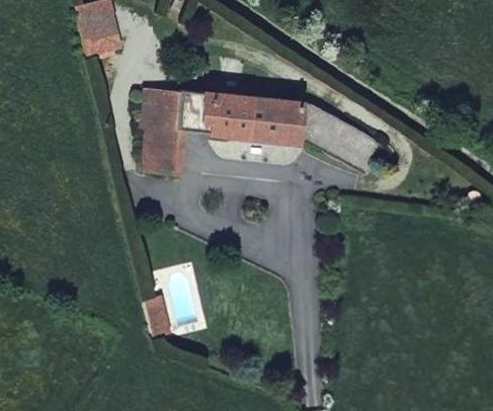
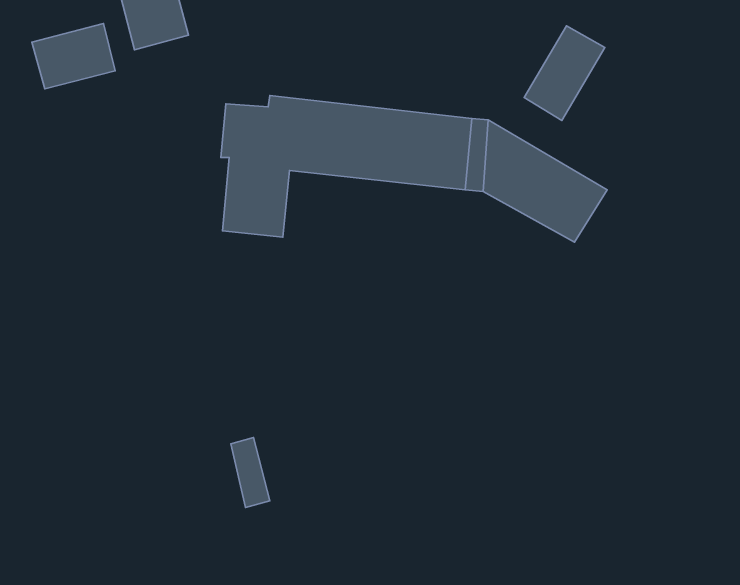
building: none -> [32,23,115,89]
building: none -> [524,26,605,120]

